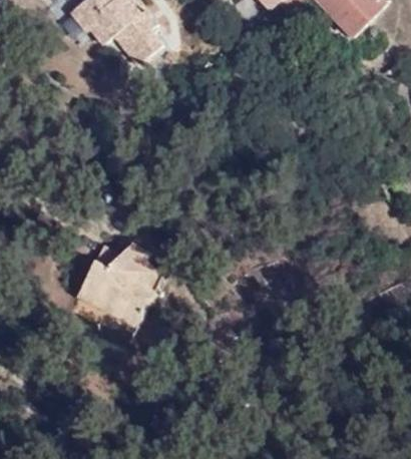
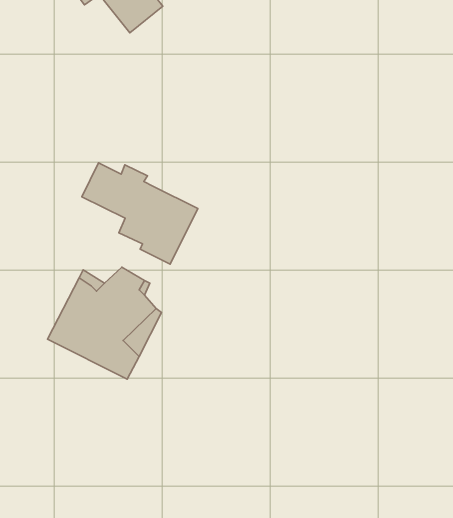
building: none -> [82,163,198,264]

